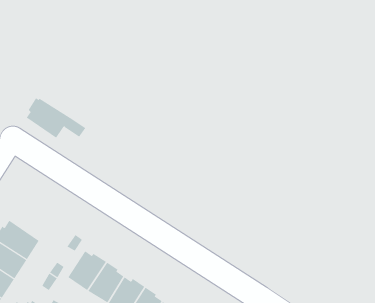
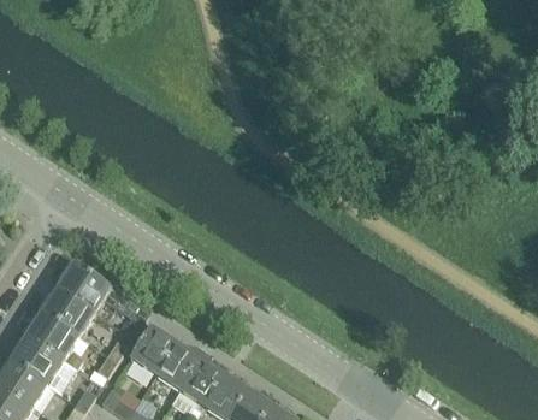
building: [26,97,86,139] -> [57,261,132,313]

